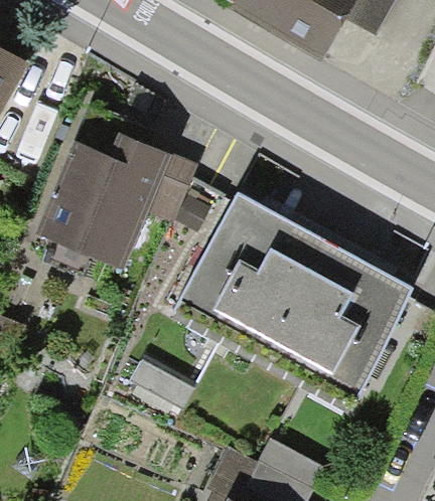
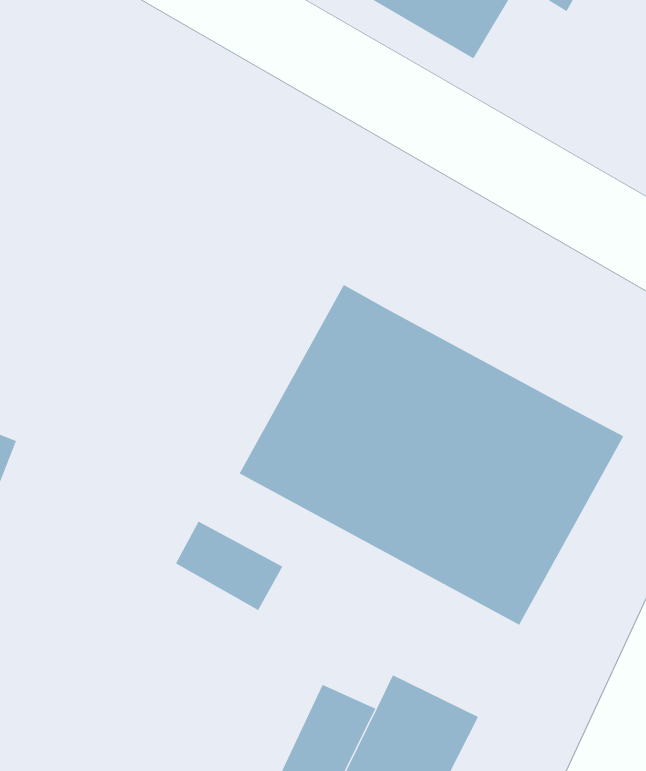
building: [38,135,173,269] -> none

